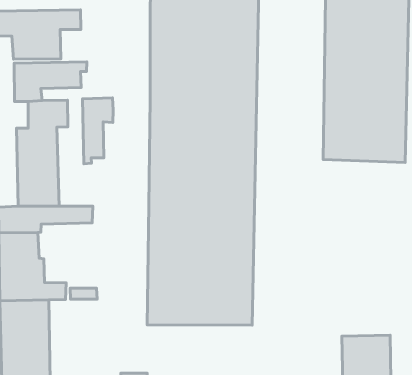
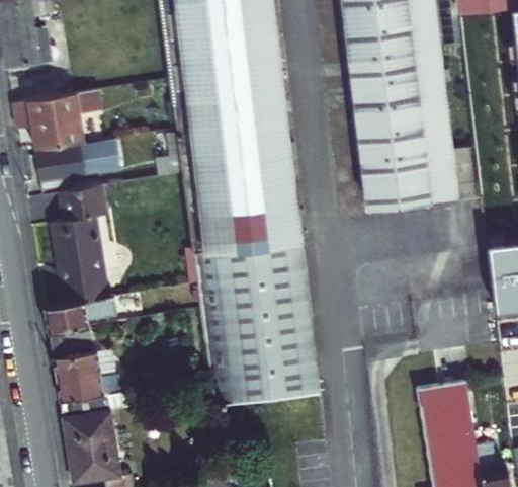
building: [82,98,113,164] -> none

